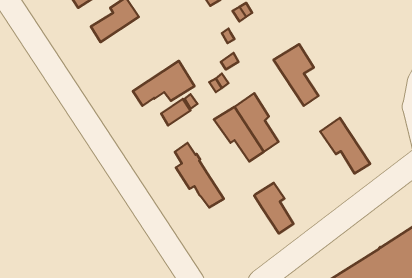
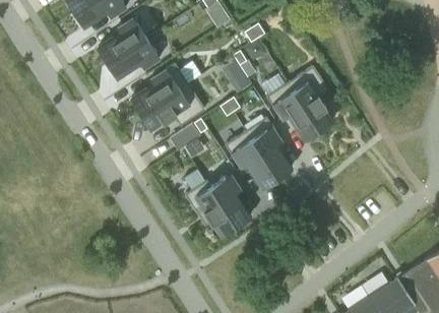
building: none -> [108,39,161,80]
building: none -> [131,64,189,116]
building: [320,118,370,174] -> [267,83,319,141]
building: [254,183,293,234] -> [210,175,251,228]

